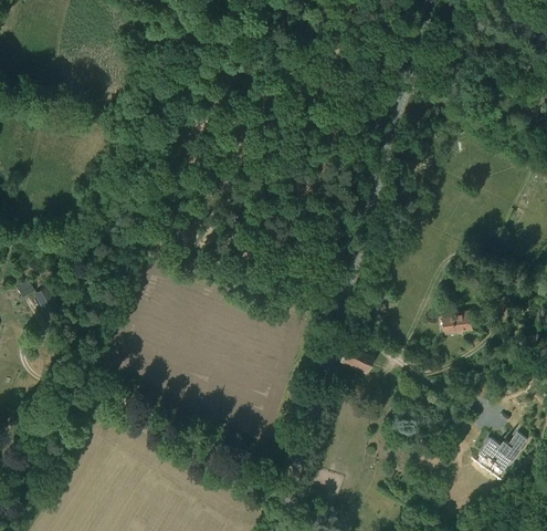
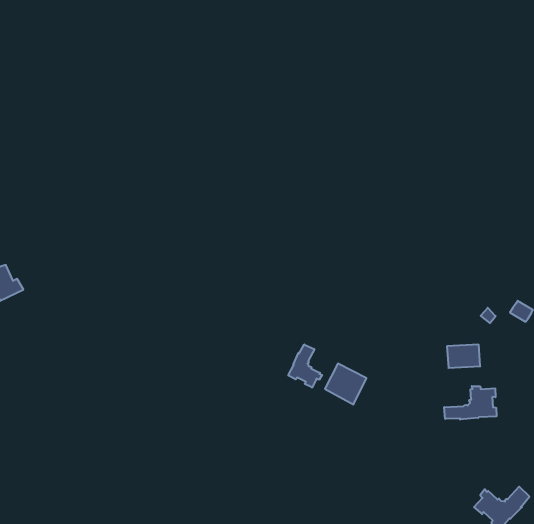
building: none -> [288,344,322,388]
building: none -> [444,386,496,420]

